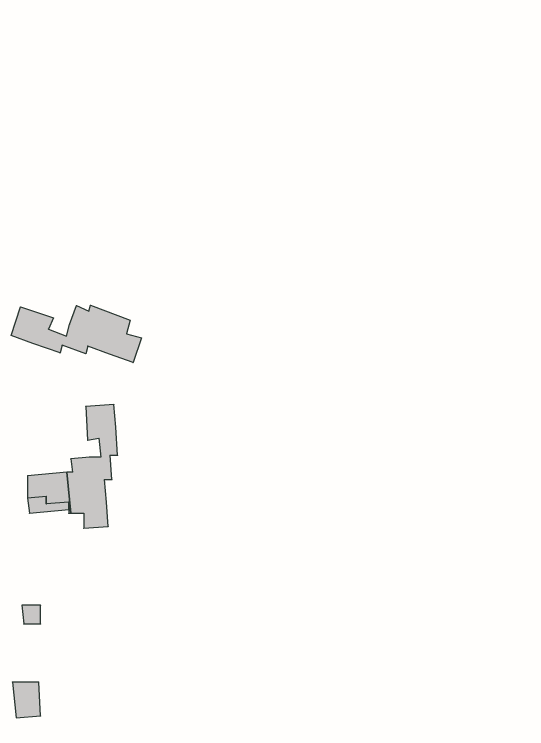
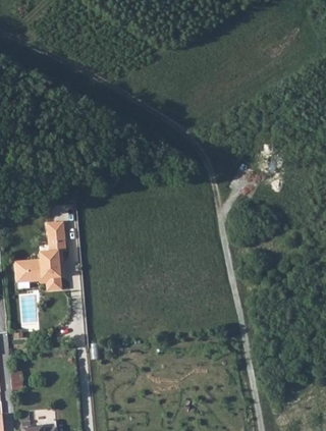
building: [11,305,141,363] -> none

